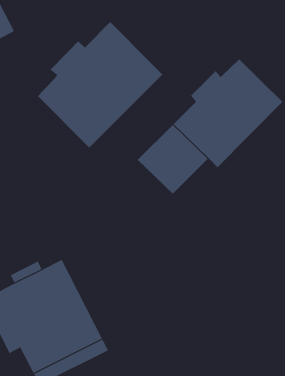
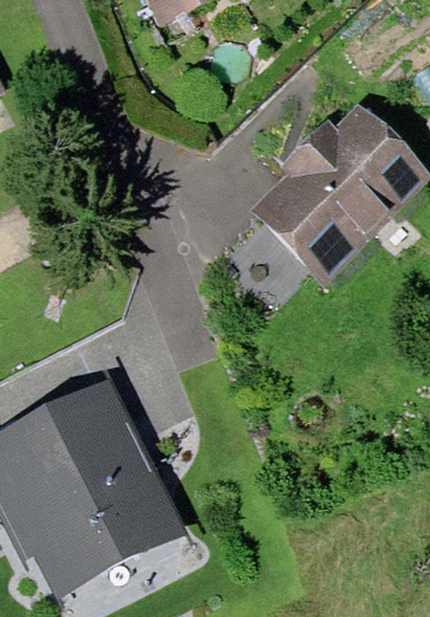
building: [37,21,163,149] -> none

